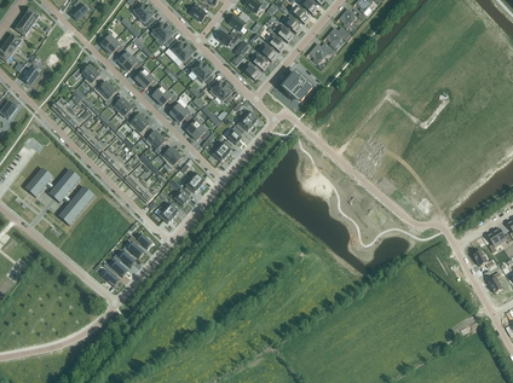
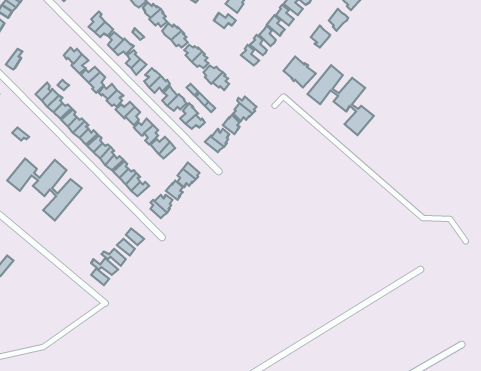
building: none -> [307,65,374,135]

